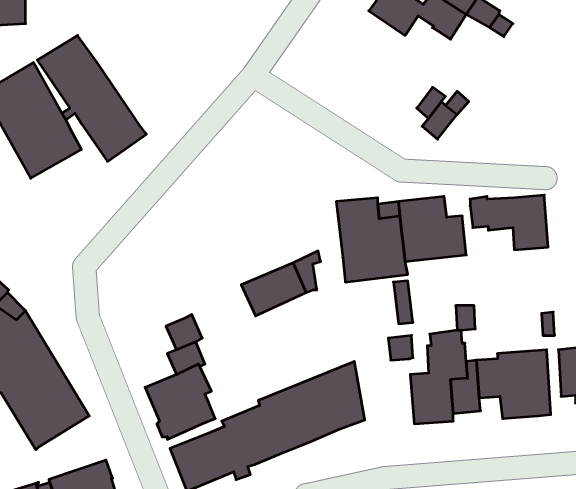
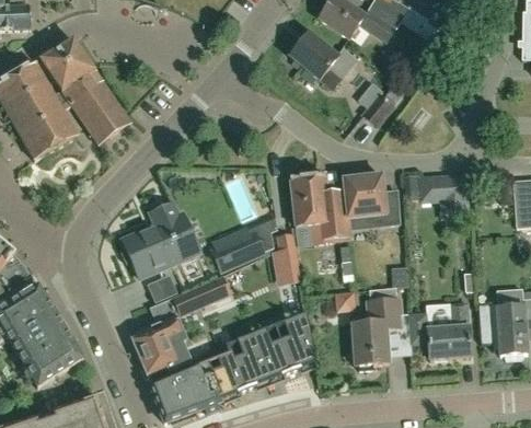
building: none -> [289,31,357,88]
building: none -> [120,200,199,278]
building: none -> [270,234,300,286]
building: none -> [172,275,230,315]

